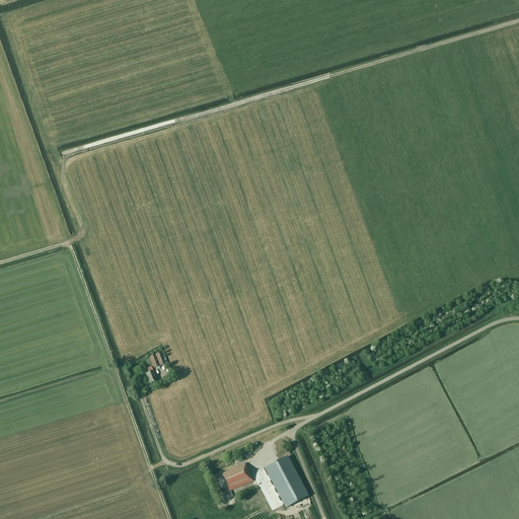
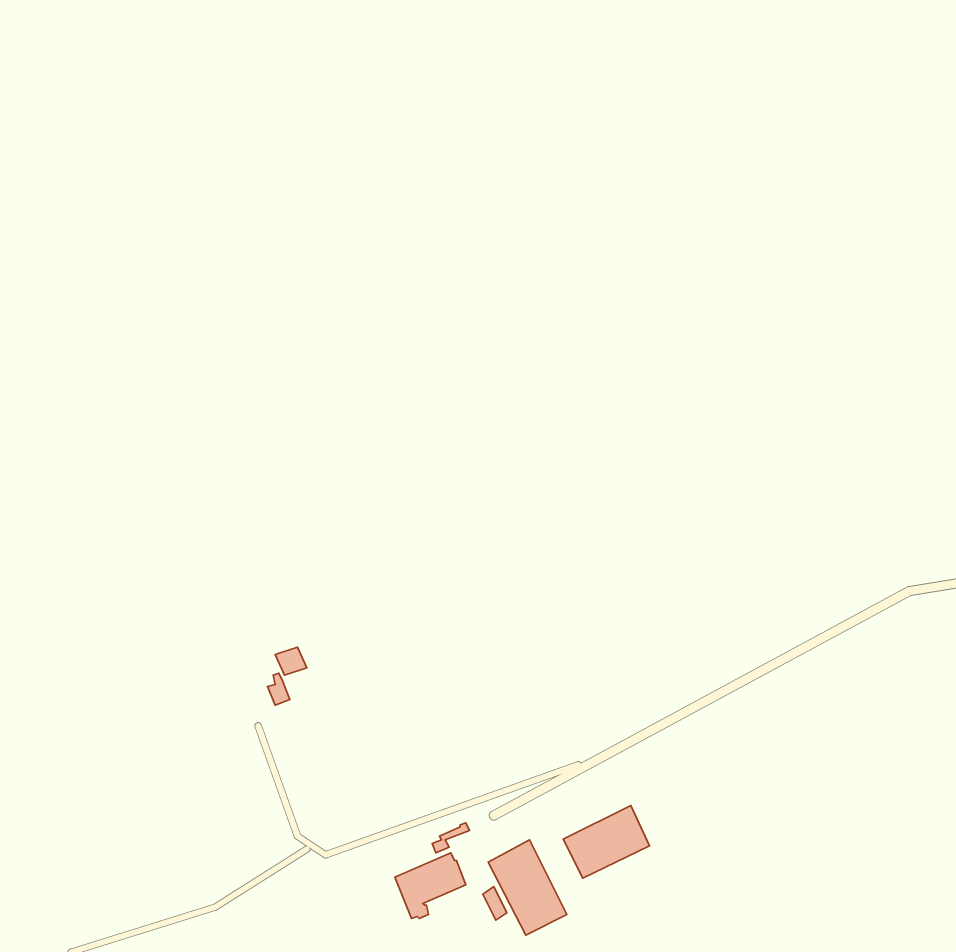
building: none -> [563,805,649,878]

